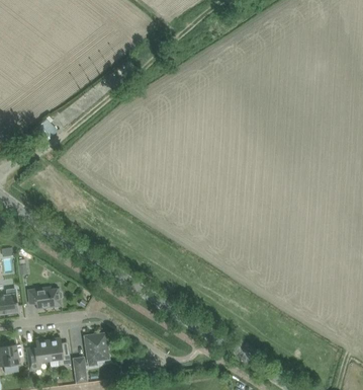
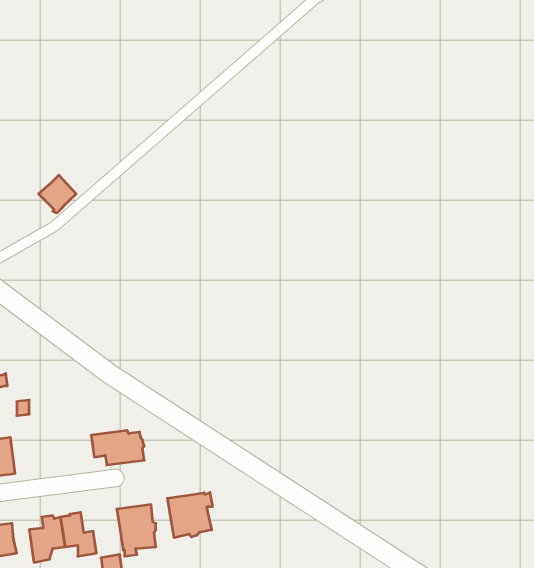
building: [27,287,62,309] -> [91,430,144,465]
building: none -> [167,492,212,538]

